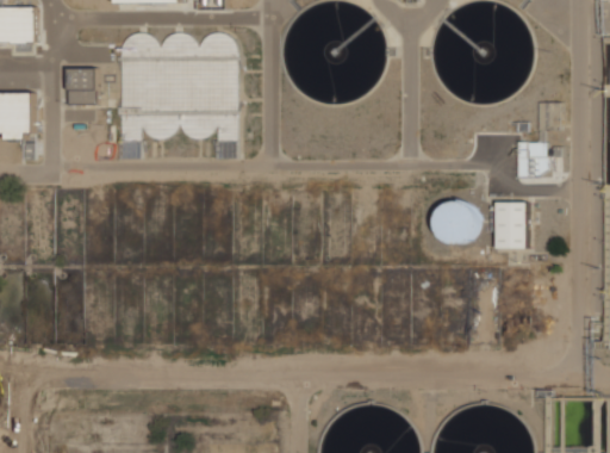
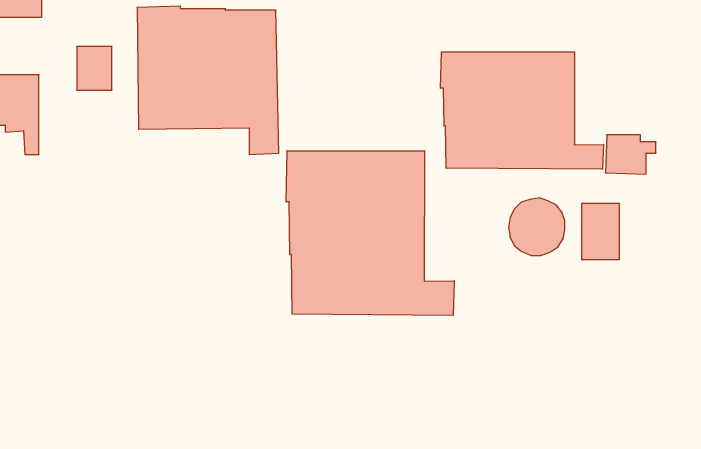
building: none -> [440,52,604,169]
building: none -> [286,151,454,315]

